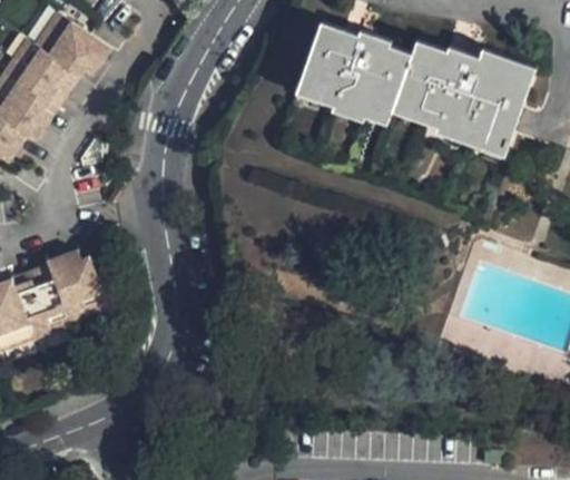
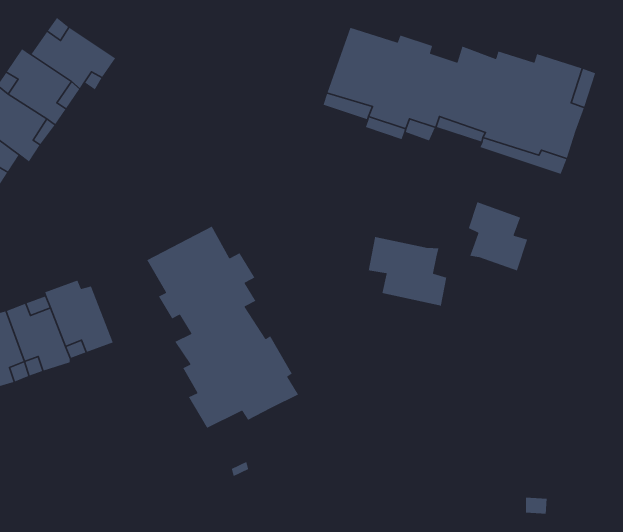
building: none -> [468,201,528,272]
building: none -> [146,226,299,429]
building: none -> [368,236,447,307]

